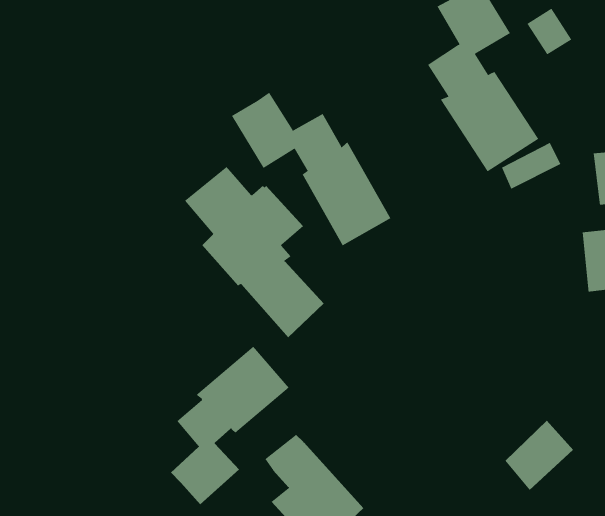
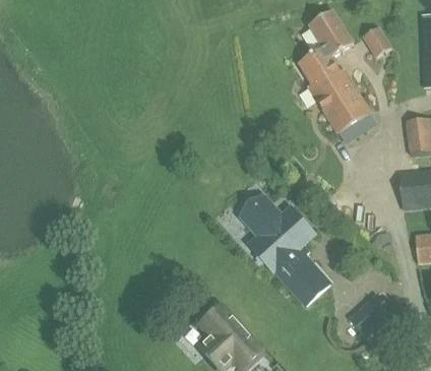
building: [231,92,391,246] -> none
building: [184,166,324,338] -> [238,194,328,305]
building: [170,346,289,505] -> none

